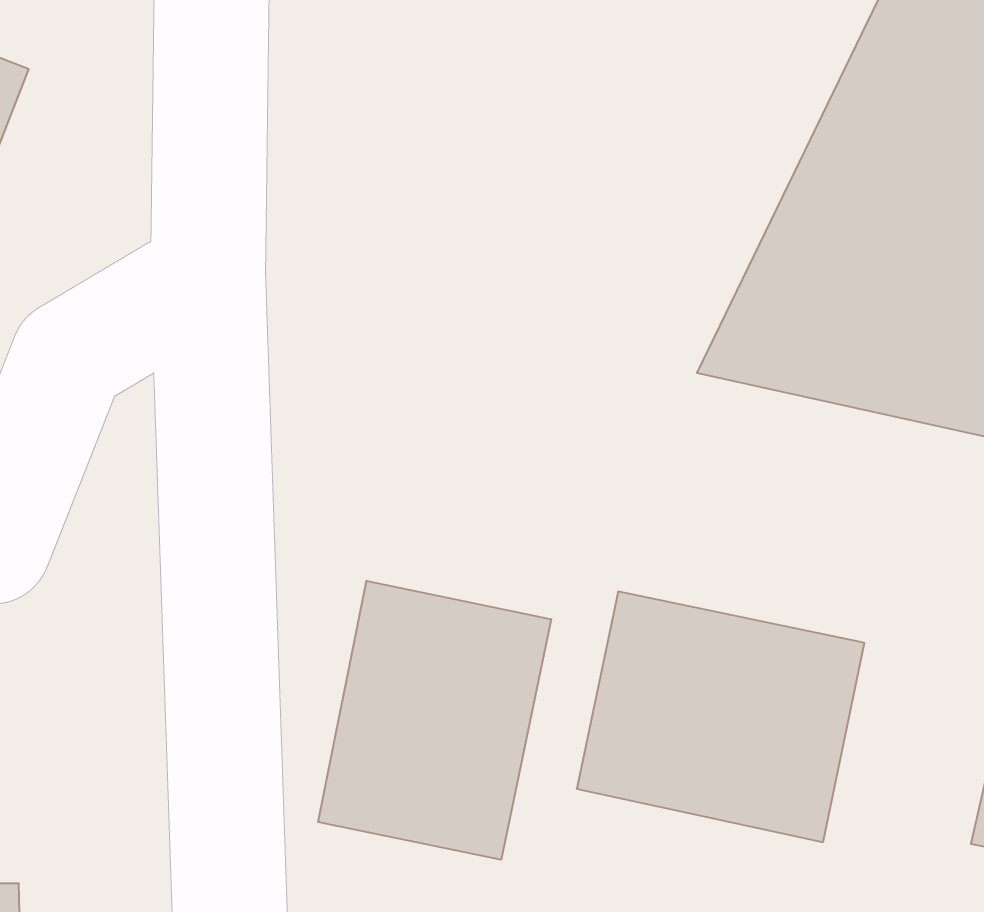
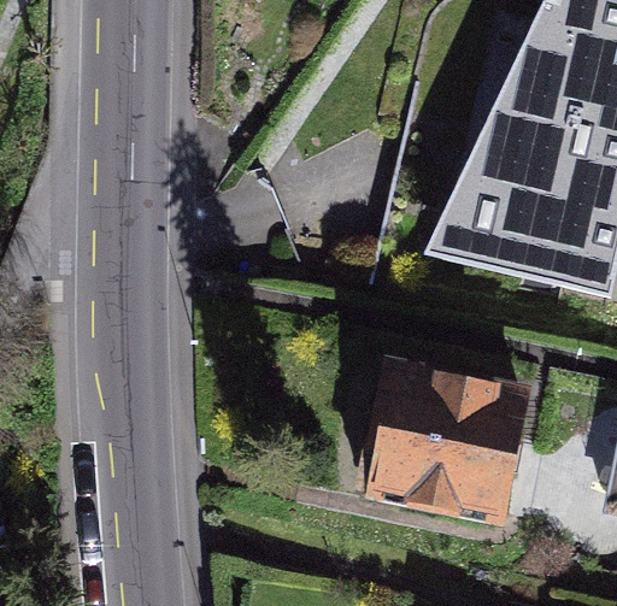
building: [318,581,551,860] -> none

